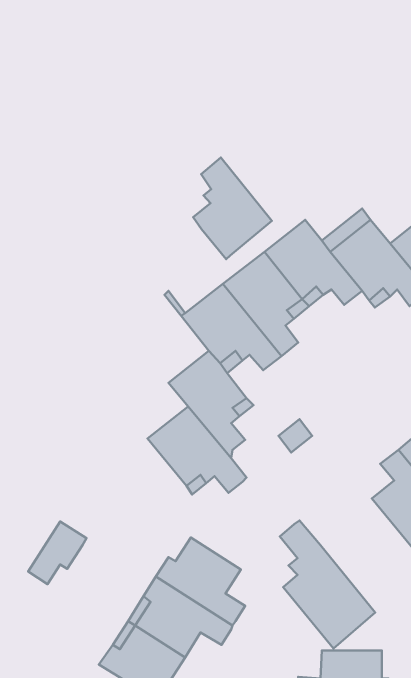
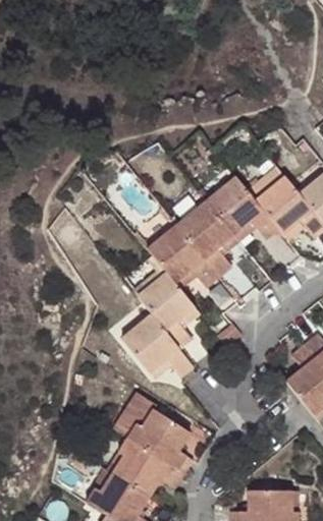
building: [193,158,272,259] -> none
building: [280,521,375,649] -> none
building: [28,521,87,584] -> [114,392,157,438]

